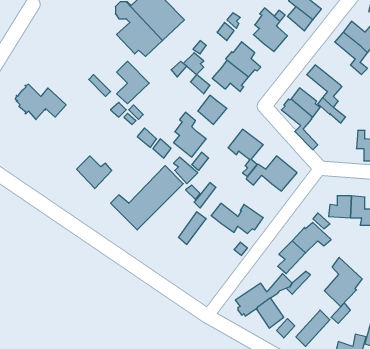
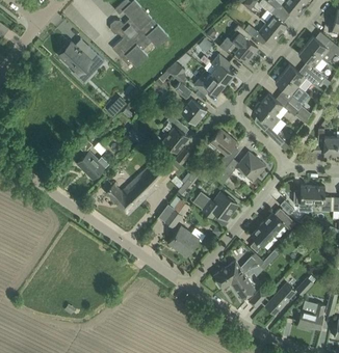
building: none -> [282,64,321,91]
building: [15,84,66,120] -> [60,43,104,73]
building: none -> [170,227,199,255]
building: [324,257,362,307] -> none

